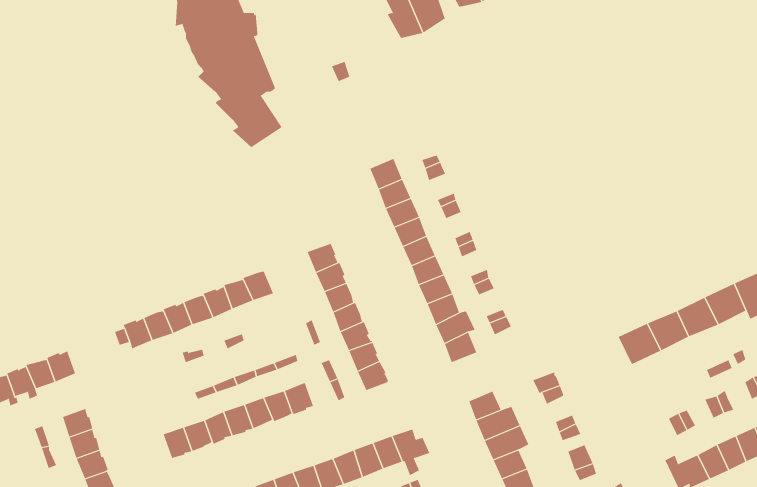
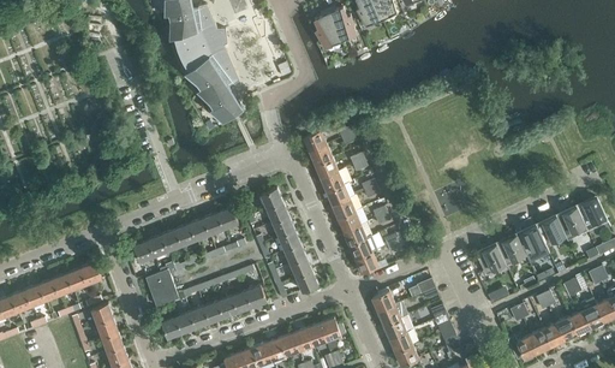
building: none -> [145,271,178,307]

